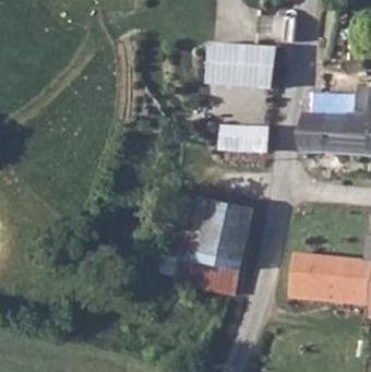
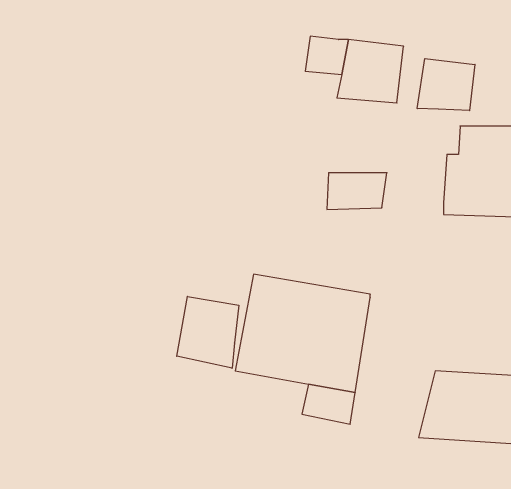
building: none -> [417,59,475,111]
building: none -> [177,296,239,368]

